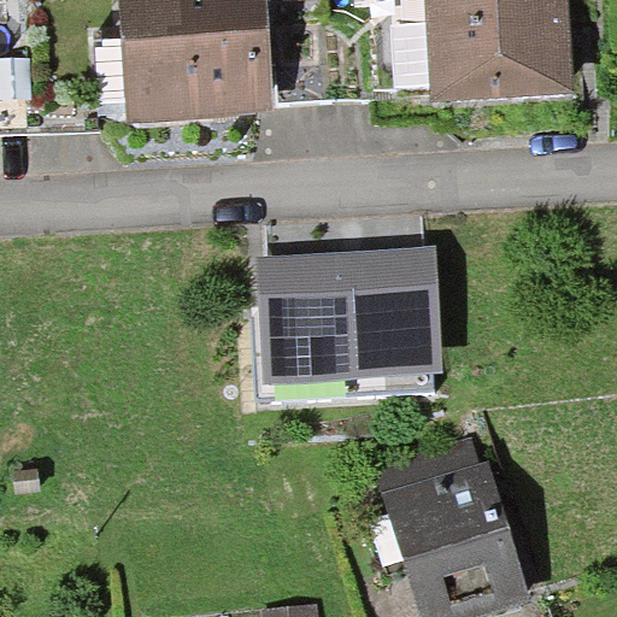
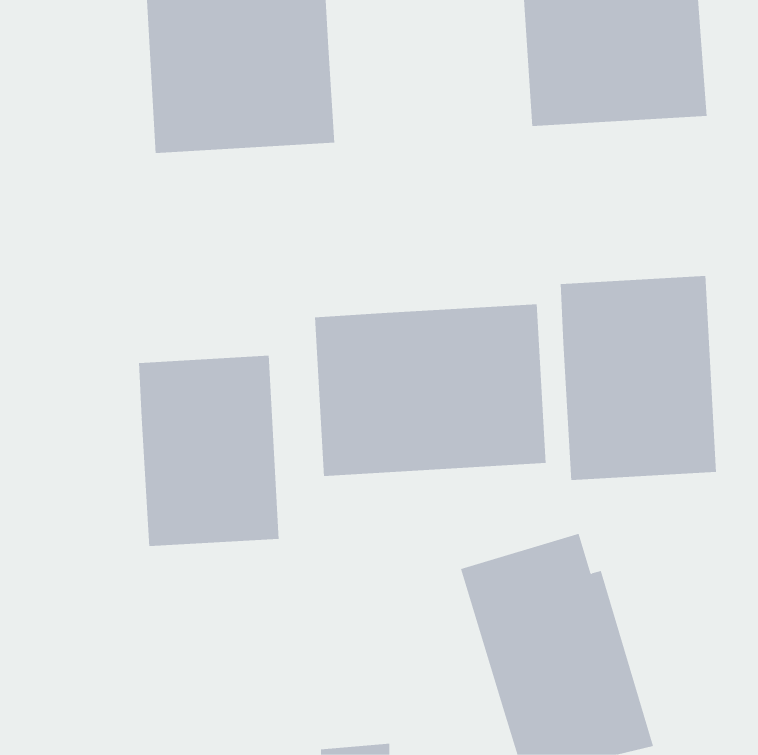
building: none -> [560,275,717,481]
building: none -> [139,355,279,547]

